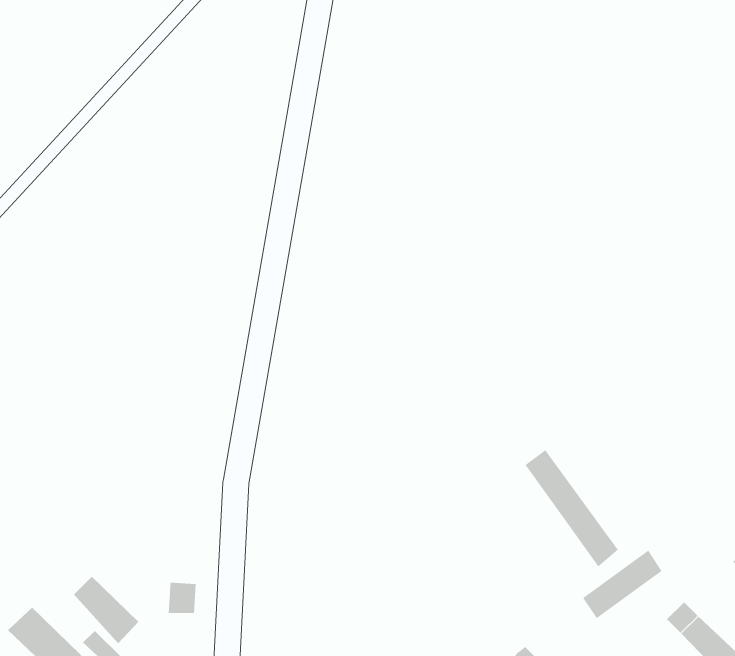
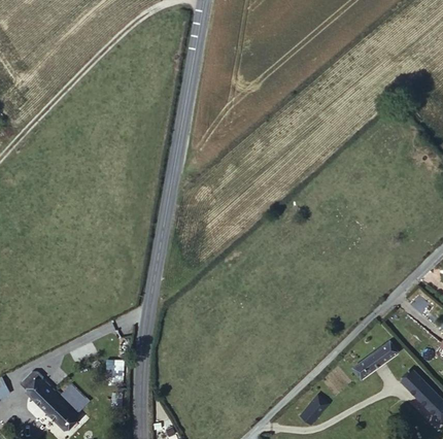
building: [524,449,619,568] -> none
building: [73,576,139,644] -> none

